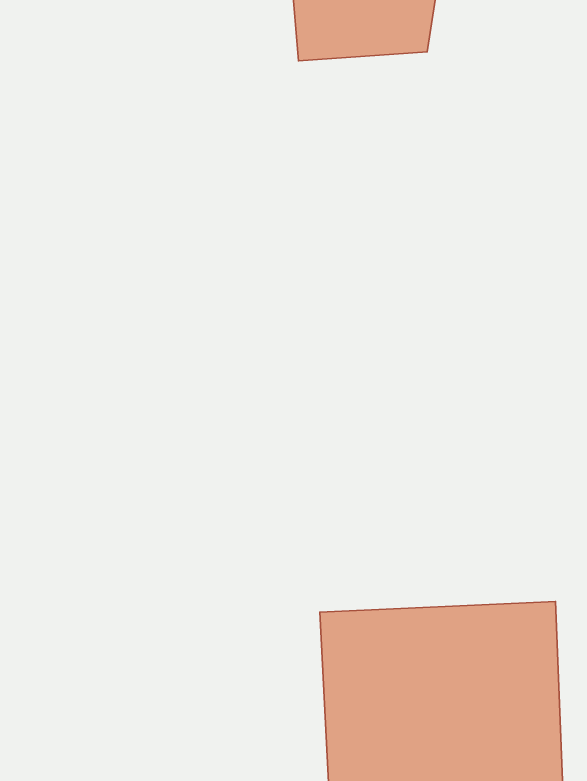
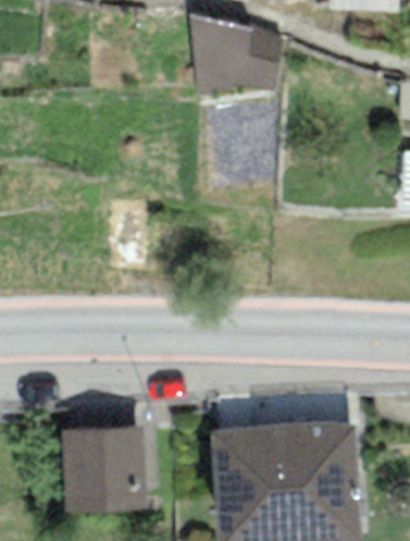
building: none -> [62,426,148,512]

